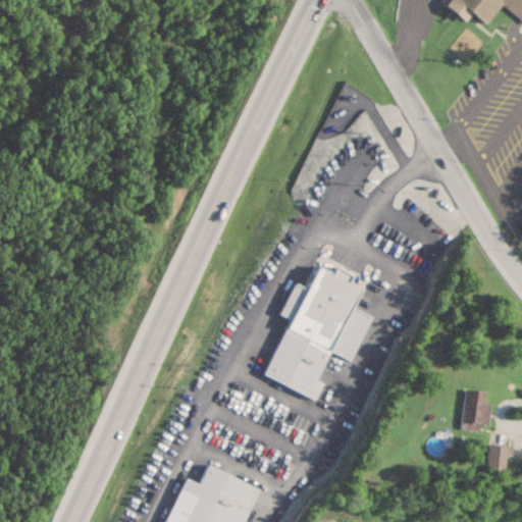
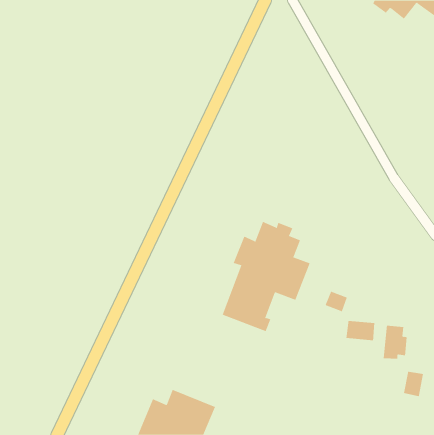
building: none -> [325,291,347,312]
building: none -> [346,320,375,341]

